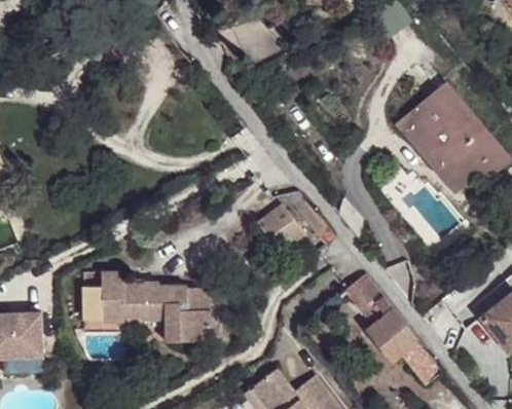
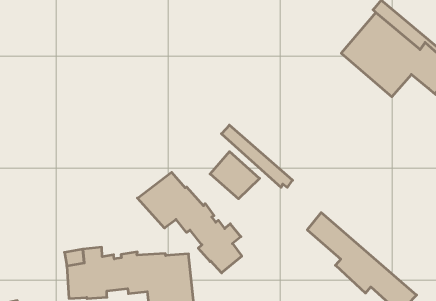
building: [396,87,480,194] -> none
building: none -> [137,172,242,273]

